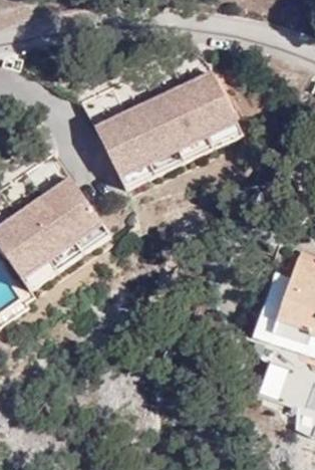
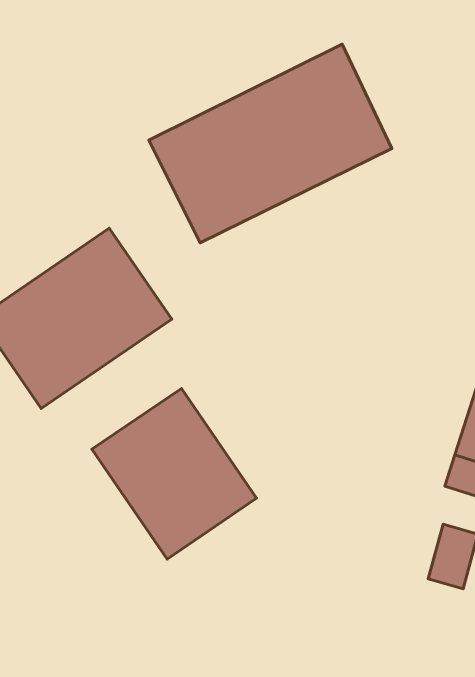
building: none -> [92,388,257,559]

